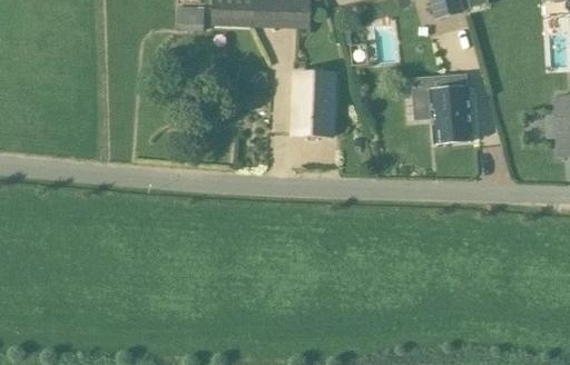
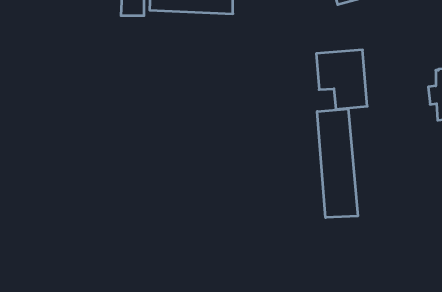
building: [292,72,335,136] -> none
building: none -> [317,109,358,218]

